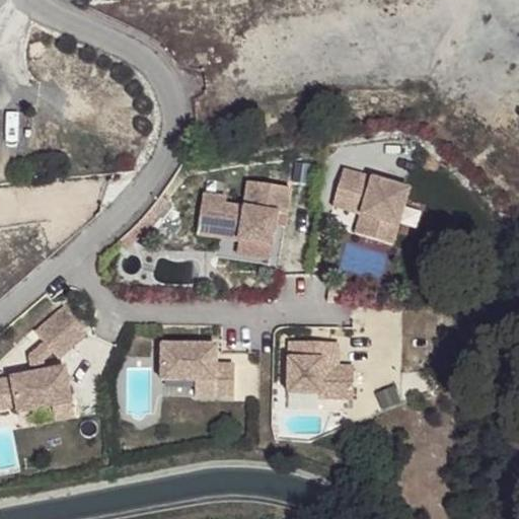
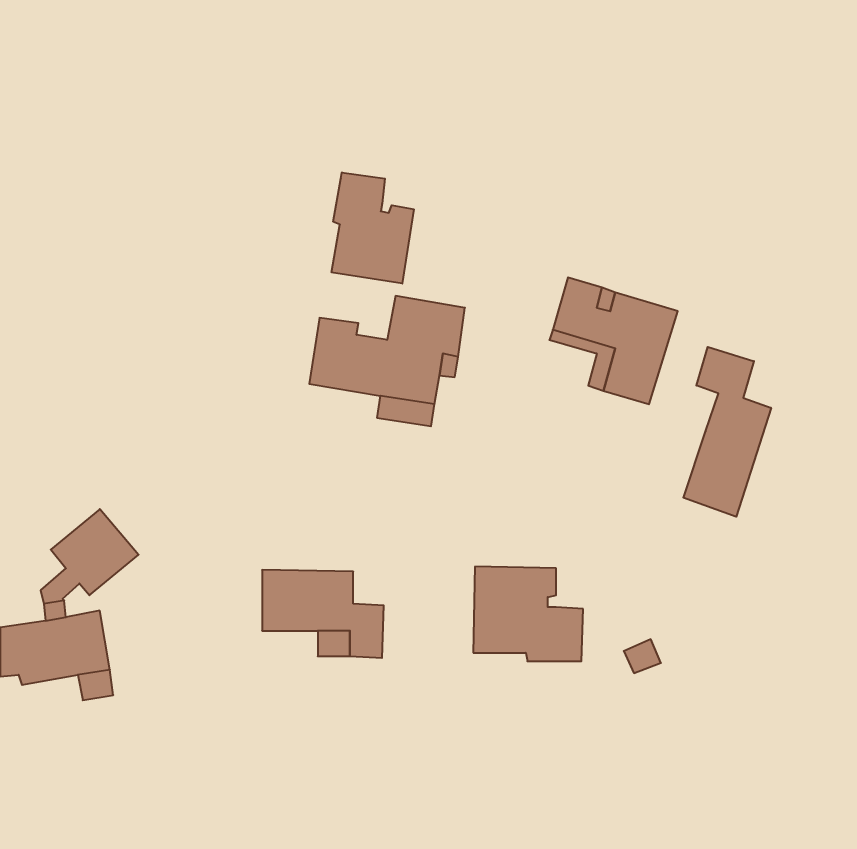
building: none -> [332,172,414,284]
building: none -> [683,347,771,517]

